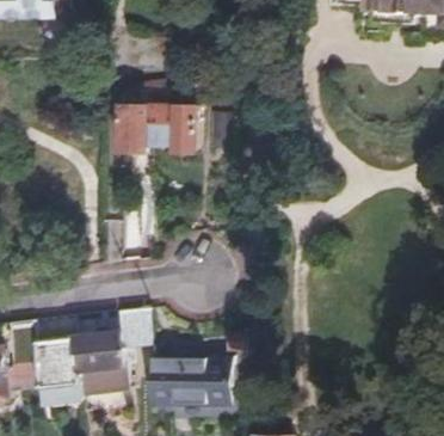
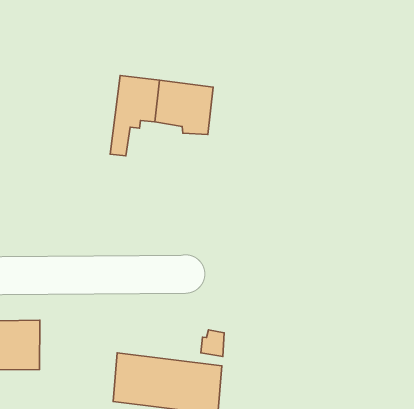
building: [69,311,142,394] -> none

